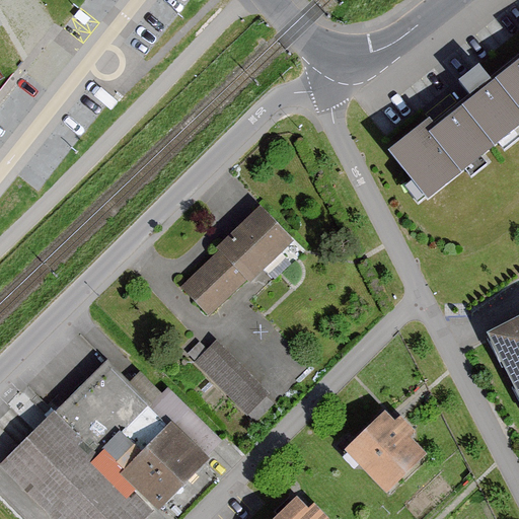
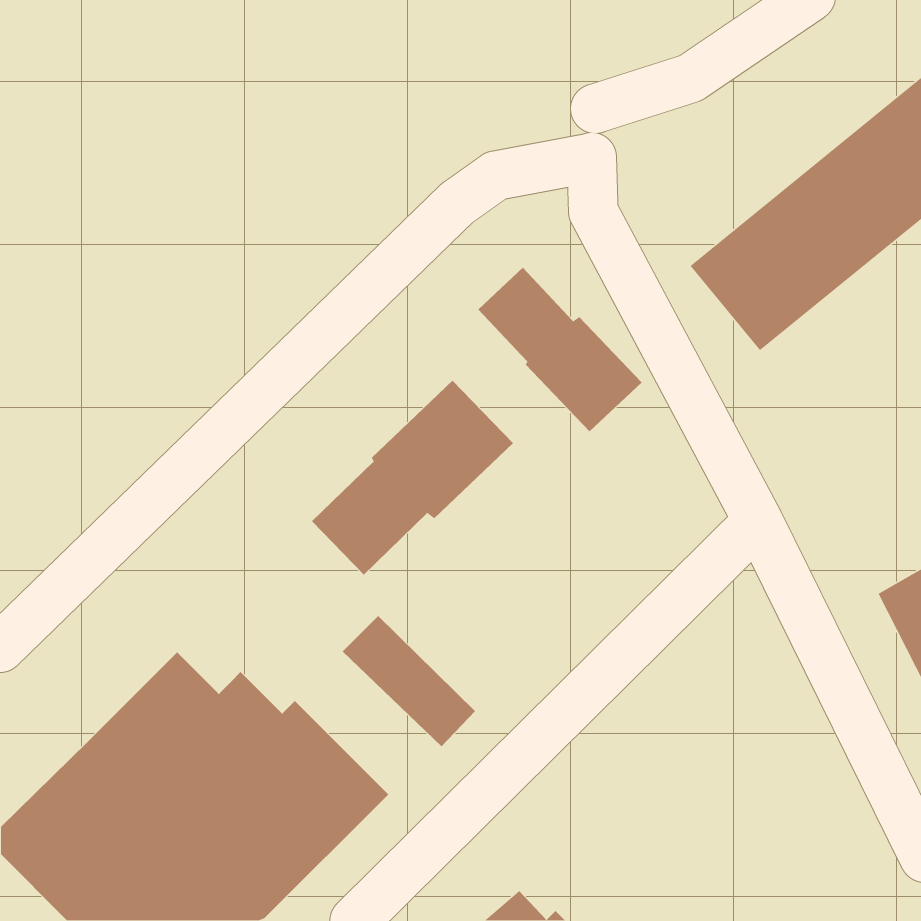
building: none -> [477,267,643,432]
building: [341,415,421,496] -> none

